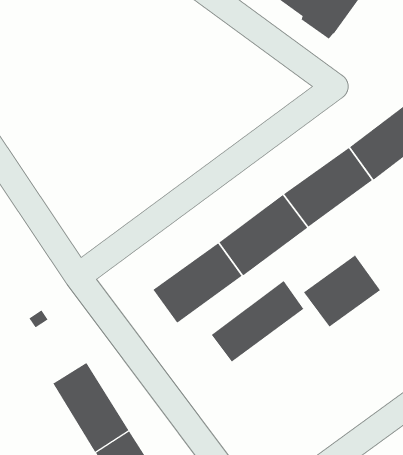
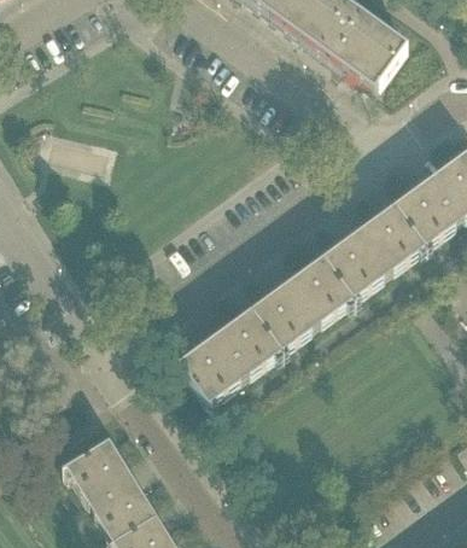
building: [298,248,381,328] -> none
building: [207,275,304,362] -> none

